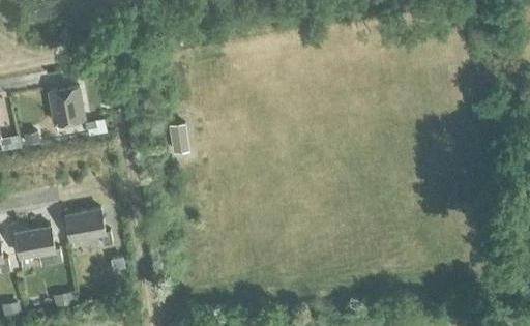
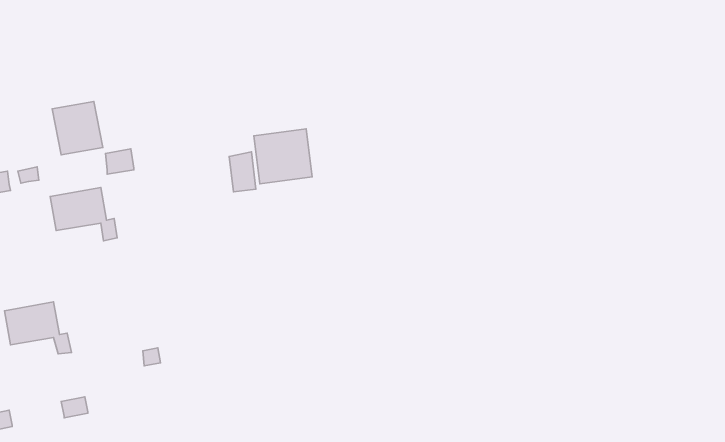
building: none -> [254,129,312,184]
building: [65,210,112,247] -> [50,187,117,241]

